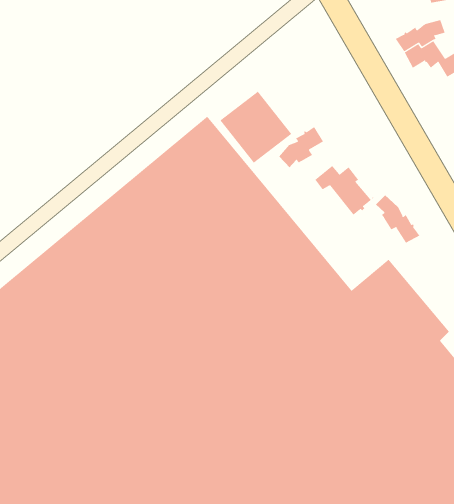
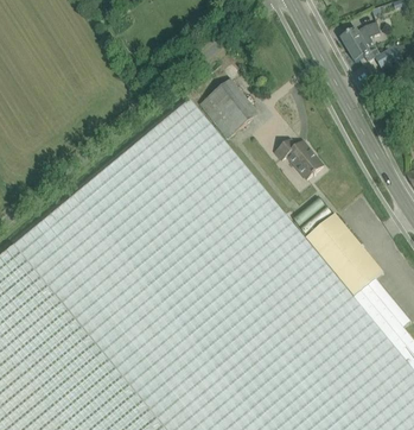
building: [279,126,324,168] -> none
building: [375,195,420,243] -> none

